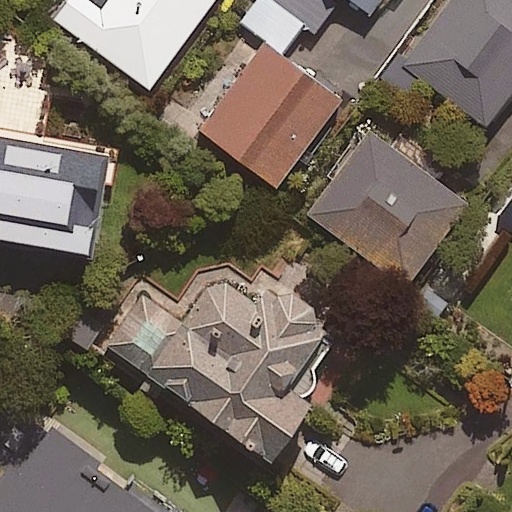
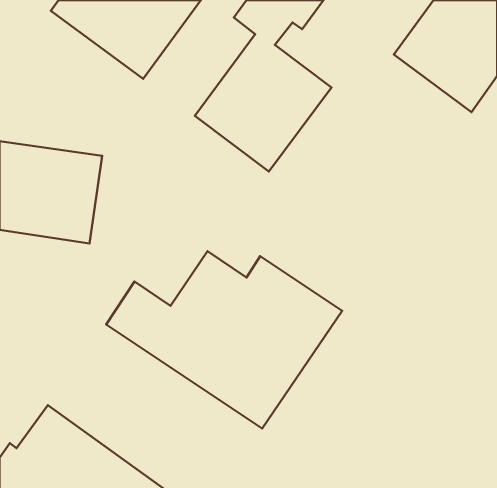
building: [307,129,466,285] -> none

